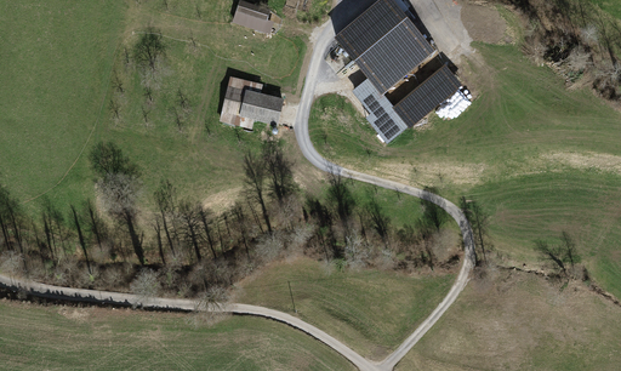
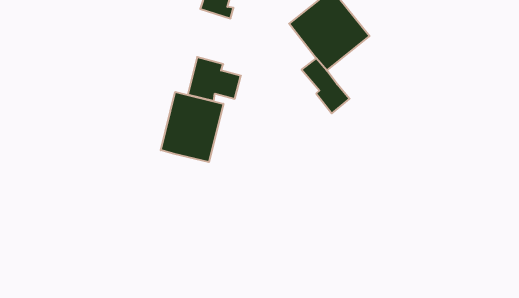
building: [393,67,458,125] -> none
building: none -> [161,92,223,162]

